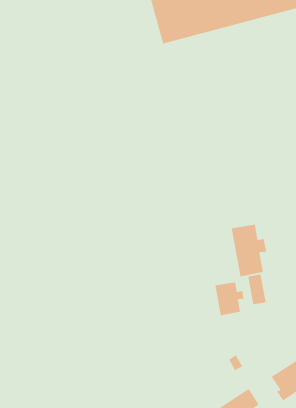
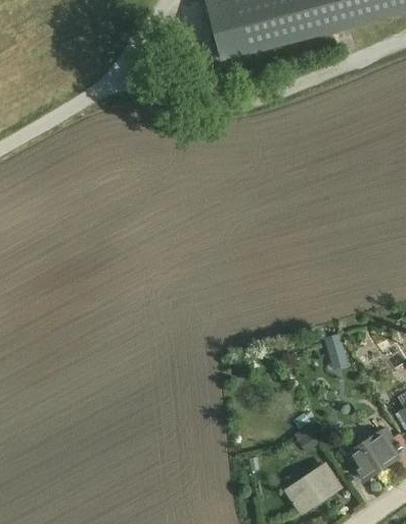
building: [231,224,267,277] -> none
building: [215,281,244,316] -> none

